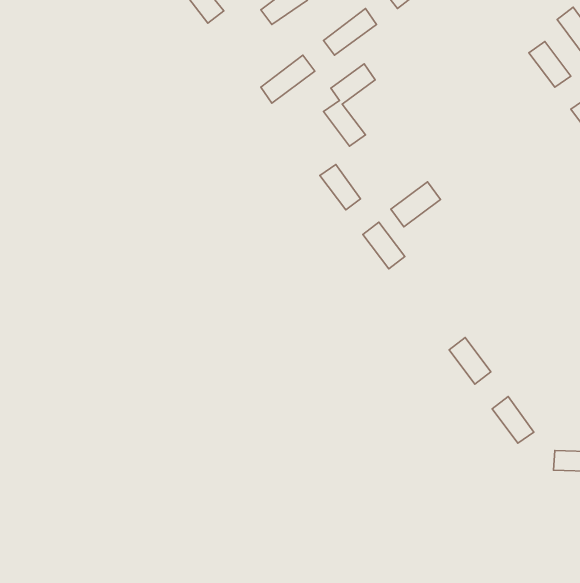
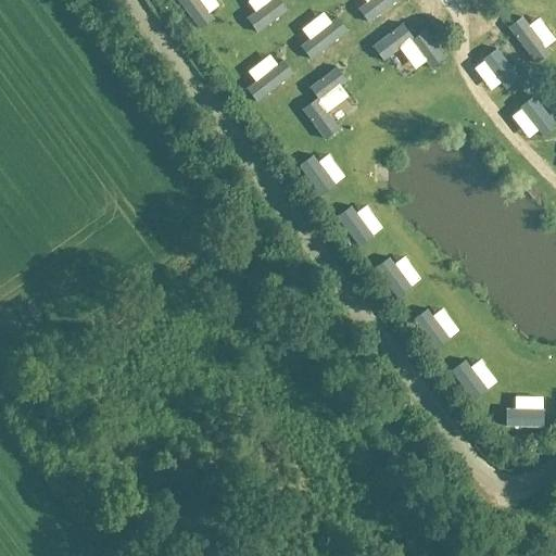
building: none -> [372,23,445,67]
building: [391,182,441,227] -> none
building: none -> [375,256,412,298]

